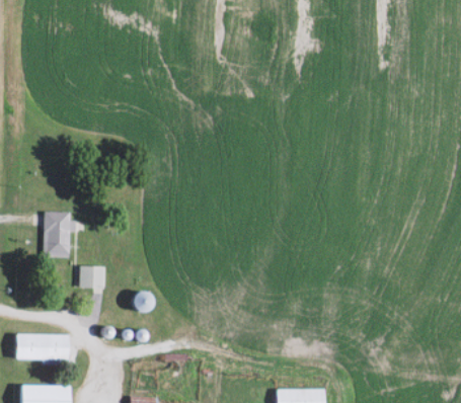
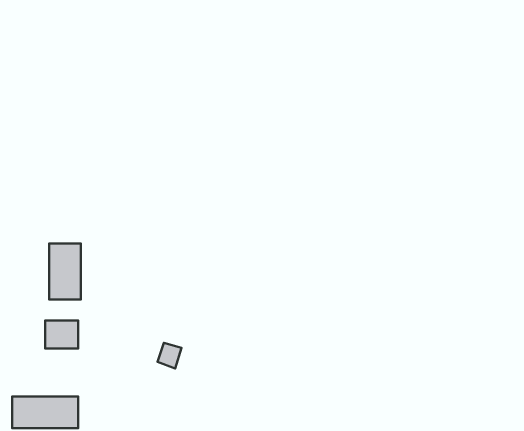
building: [80,266,106,289] -> [45,320,78,349]

